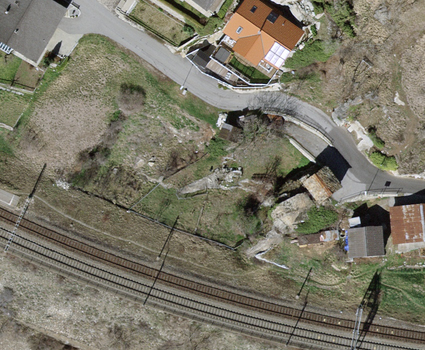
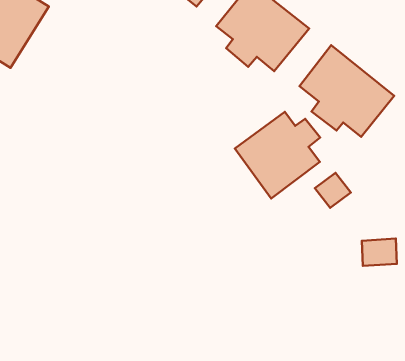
building: none -> [299,45,394,137]
building: none -> [235,112,320,198]

